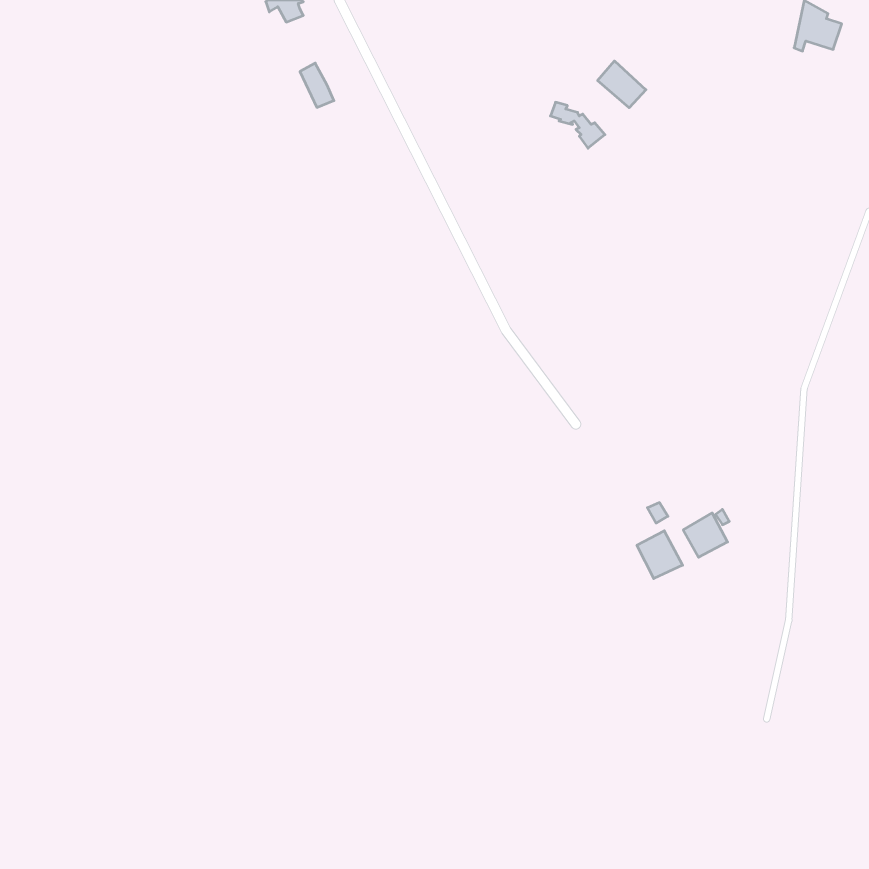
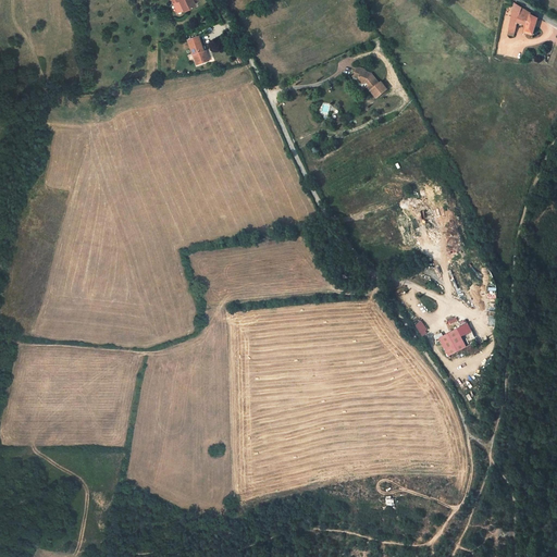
building: [598,61,646,108] -> none
building: [637,531,683,579] -> none

